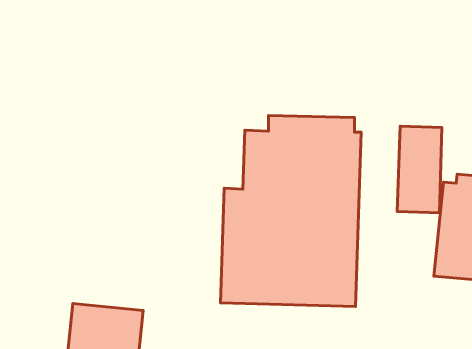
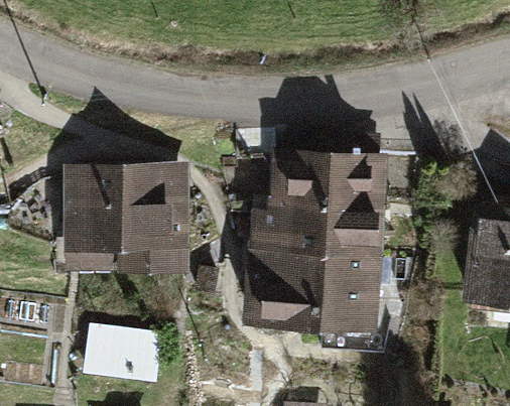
building: [397,126,442,213] -> none
building: none -> [63,162,189,272]

